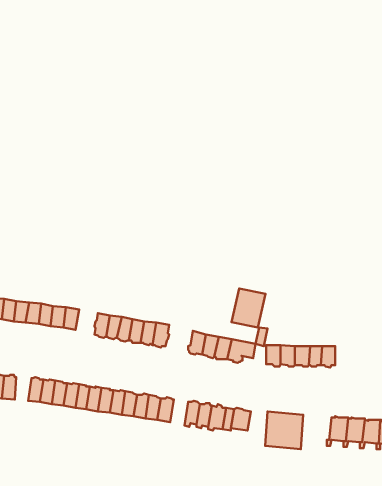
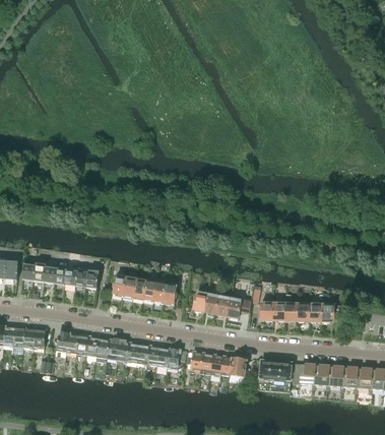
building: [231,288,265,328] -> none
building: none -> [318,304,340,322]
building: none -> [292,363,315,384]

